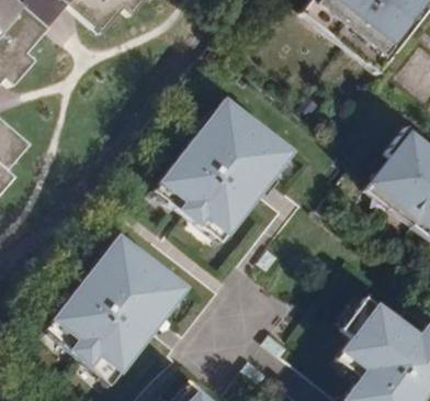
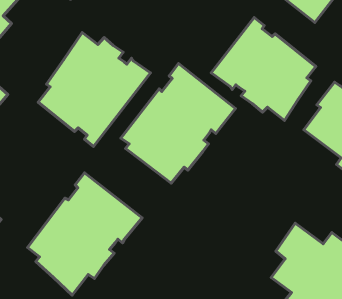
building: none -> [211,18,316,120]
building: none -> [38,32,151,146]

